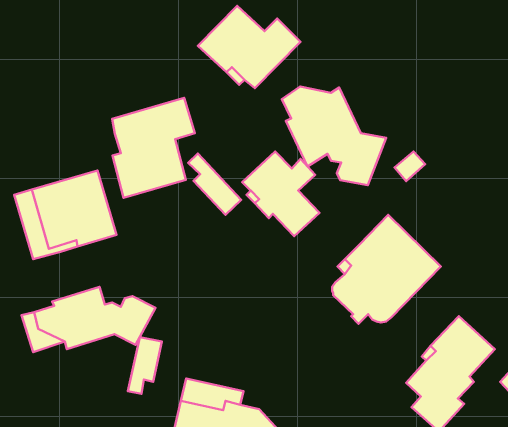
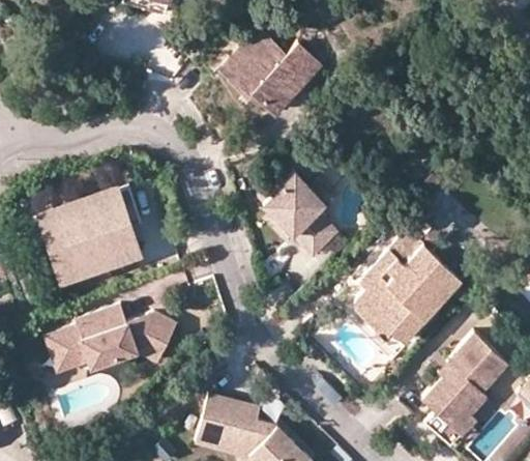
building: [282,87,386,185] -> none
building: [112,98,195,198] -> none
building: [188,153,241,215] -> none
building: [128,337,162,394] -> none

